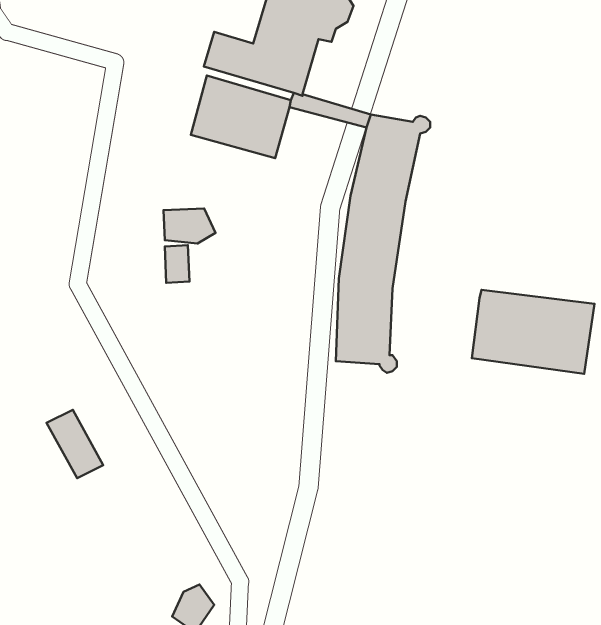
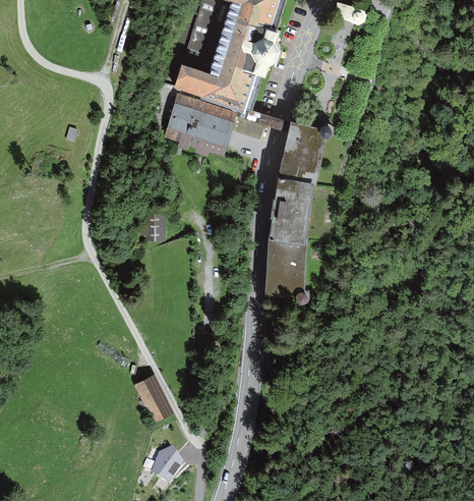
building: [164,208,215,243] -> none
building: [472,290,594,374] -> none
building: [47,410,103,478] -> [133,377,173,425]

